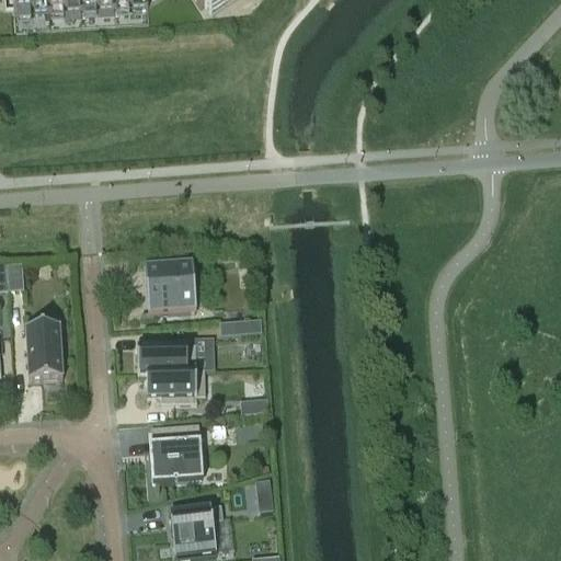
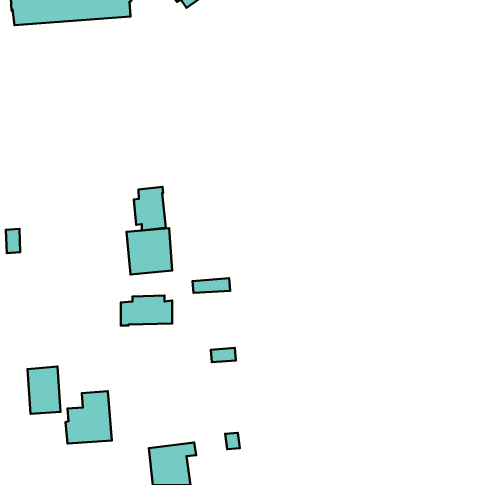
building: none -> [134,187,166,230]
building: [26,323,64,377] -> [28,366,60,414]
building: [147,366,206,400] -> none
building: [151,420,204,479] -> [65,391,112,443]

